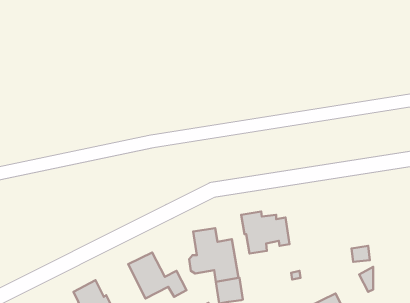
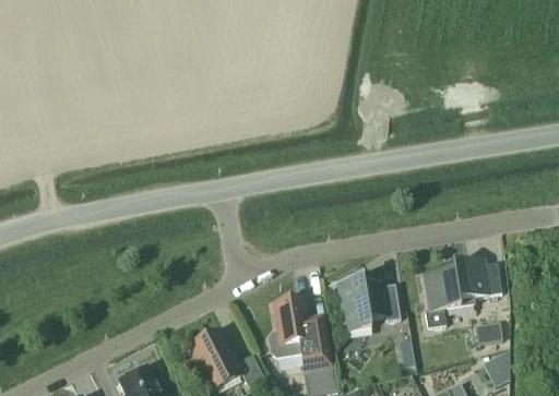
building: none -> [424,257,488,328]

